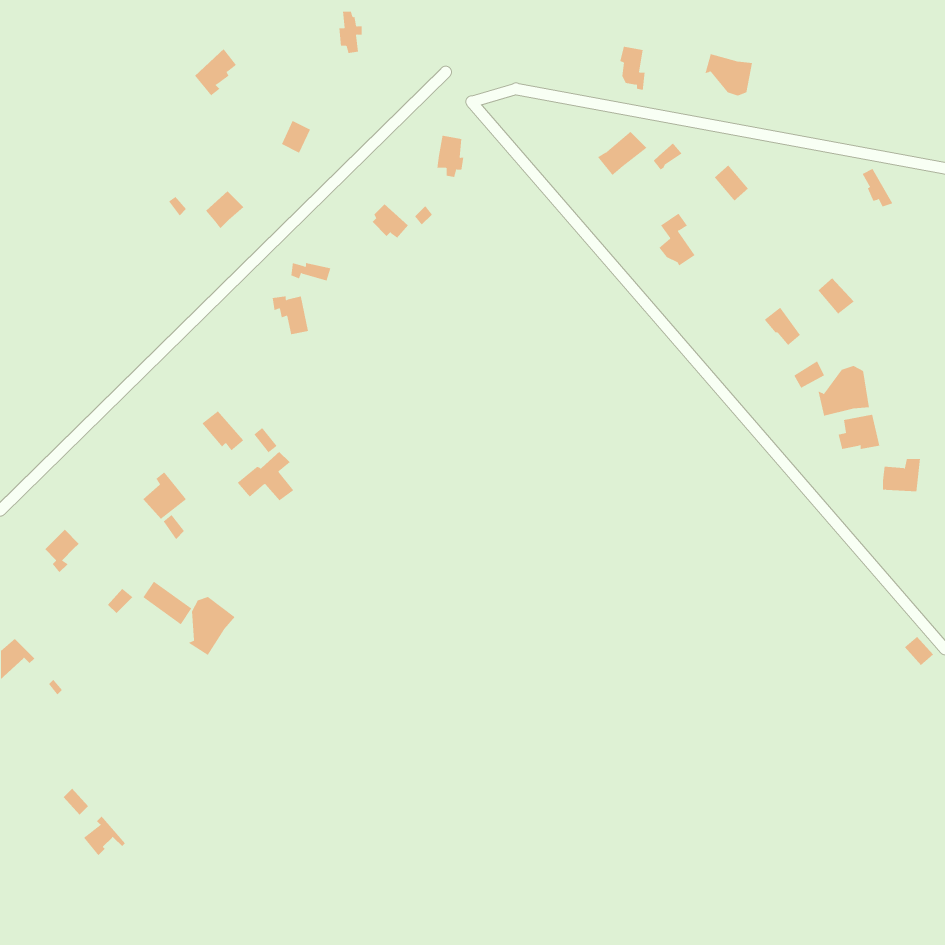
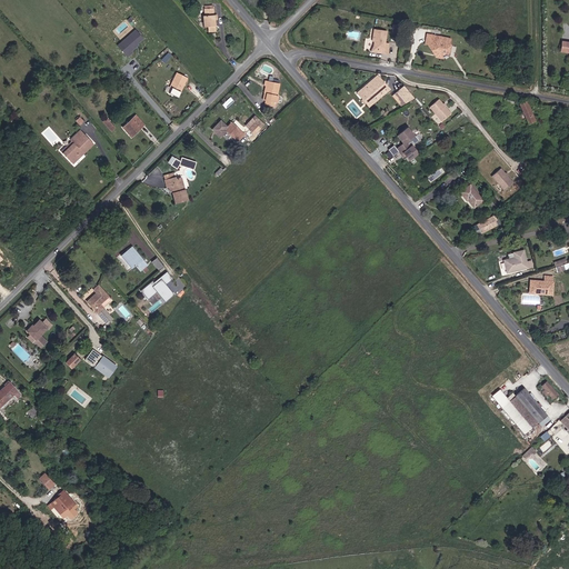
building: none -> [61,130,96,164]
building: [818,365,869,416] -> none
building: [187,596,236,656] -> none
building: none -> [509,387,547,425]

